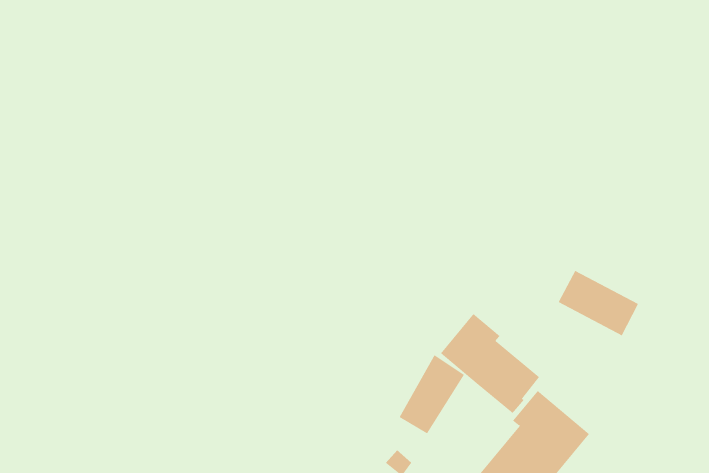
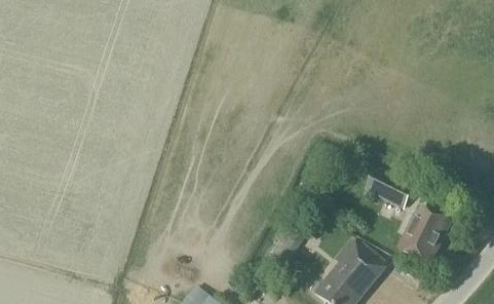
building: [440,313,540,414] -> none
building: none -> [397,205,449,261]

